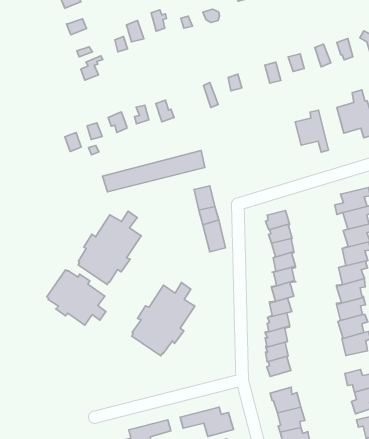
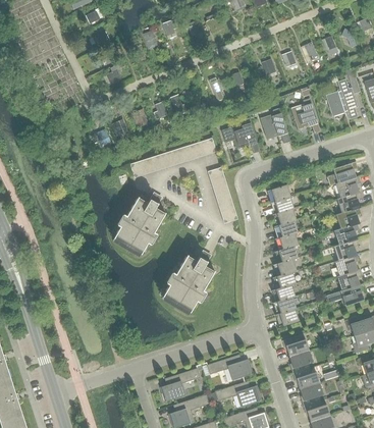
building: none -> [261,108,290,144]
building: none -> [230,117,260,153]
building: [47,270,106,325] -> none

